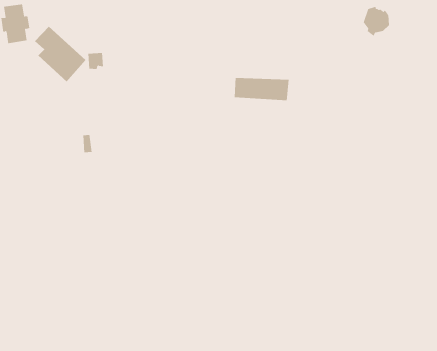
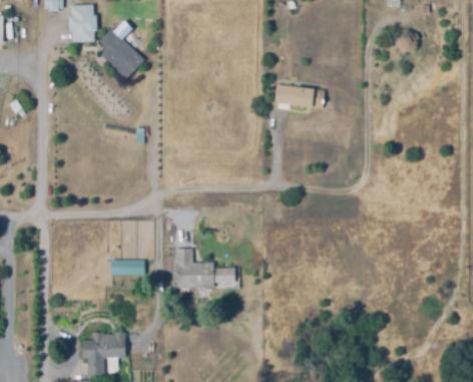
building: none -> [175,250,225,289]
building: none -> [111,260,144,275]

